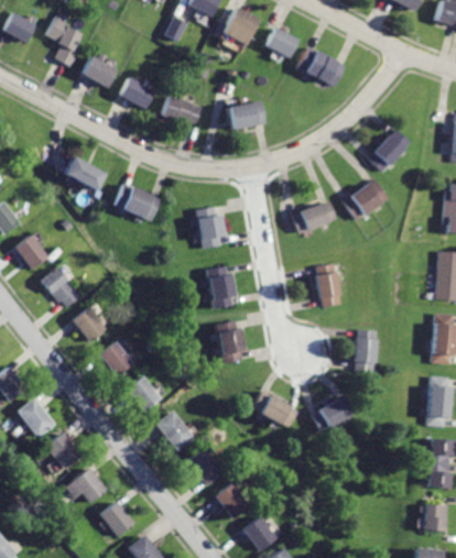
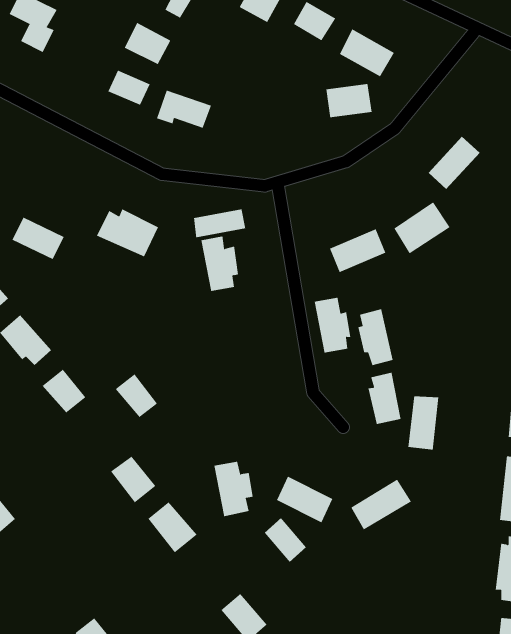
building: [83,55,119,88] -> [124,22,171,65]
building: [230,102,267,129] -> [325,84,373,118]
building: [64,158,105,192] -> [12,217,65,260]
building: none -> [194,208,246,238]
building: [206,265,235,308] -> [314,297,351,353]
building: none -> [368,372,401,425]
building: [213,322,243,365] -> [214,461,254,517]
building: [99,342,132,376] -> [115,373,158,418]
building: [45,433,80,469] -> none
building: [186,449,219,484] -> [264,517,307,563]
building: [65,469,106,503] -> none

